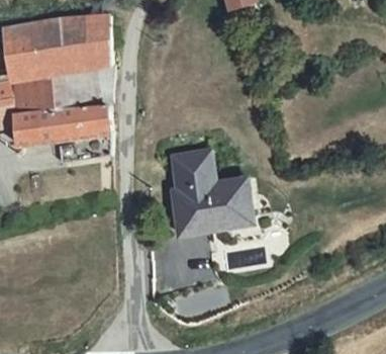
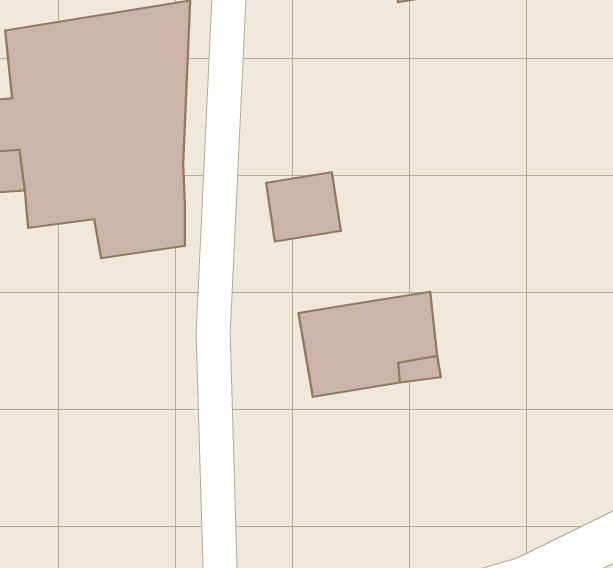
building: [171,148,213,187] -> [266,172,341,241]

